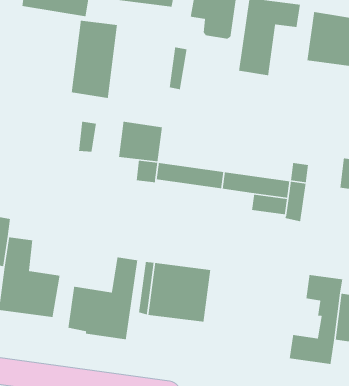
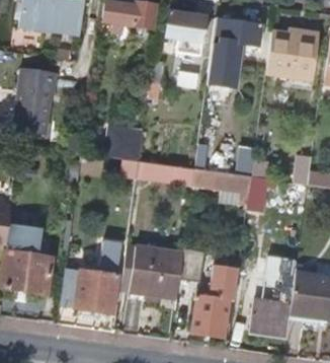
building: [71,20,118,99] -> [14,67,55,135]
building: none -> [193,265,240,337]

